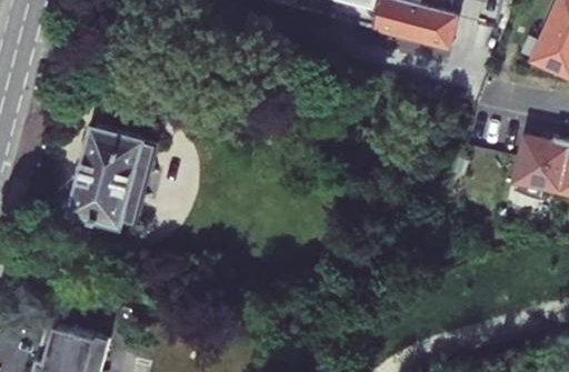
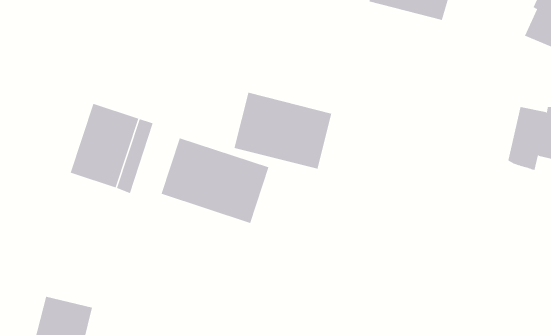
building: none -> [234,92,332,170]
building: none -> [161,137,269,224]

